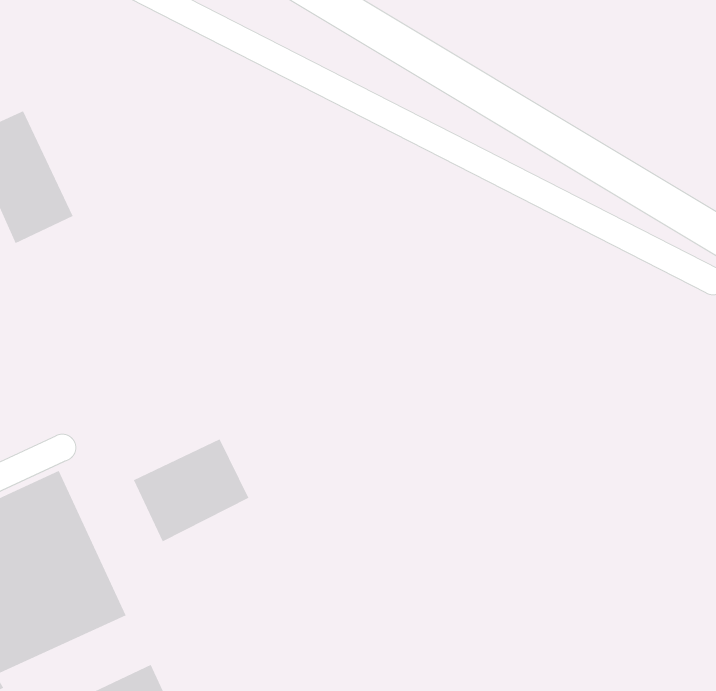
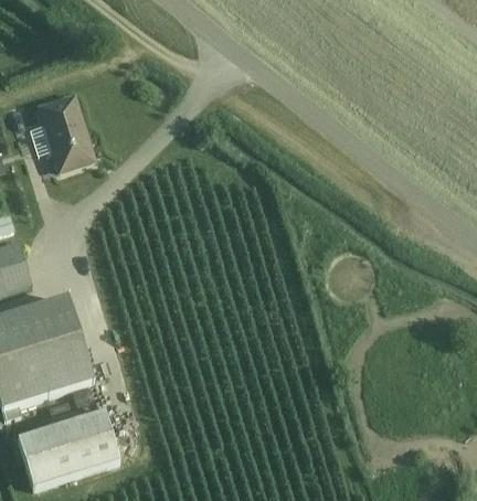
building: [133,439,249,542] -> none

